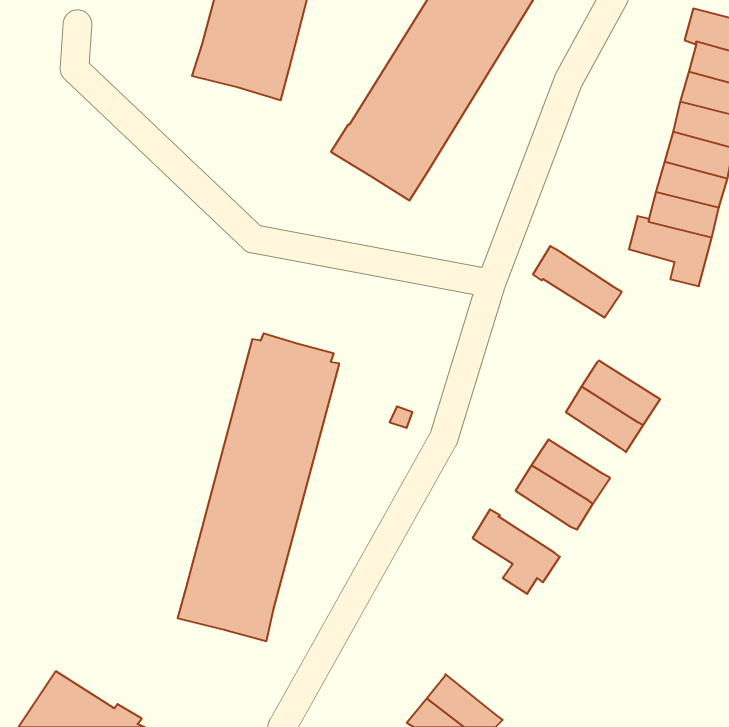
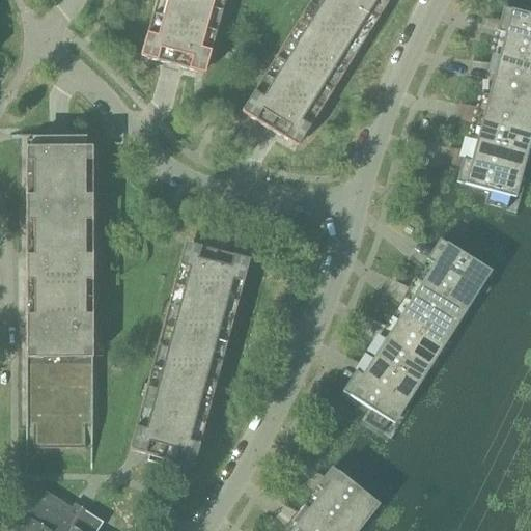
building: none -> [27,138,93,468]
building: [533,246,622,318] -> [428,237,493,289]
building: none -> [399,299,455,346]
building: none -> [363,356,420,403]
building: none -> [317,466,381,522]

